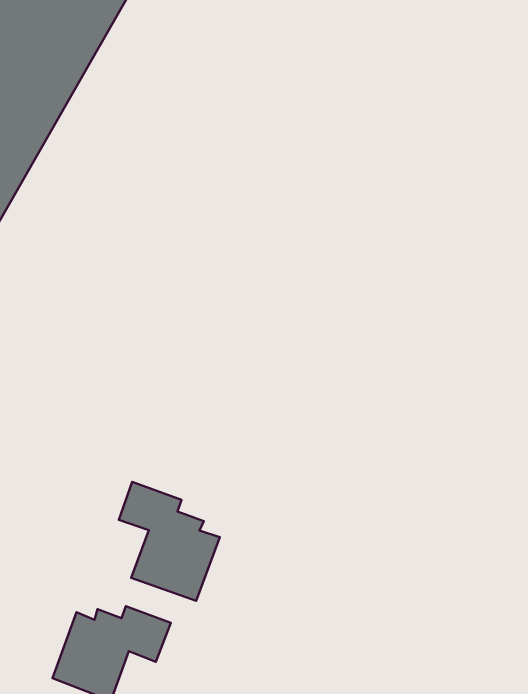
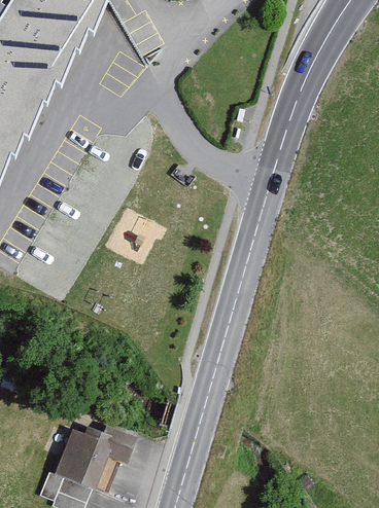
building: [119,482,220,601] -> none

